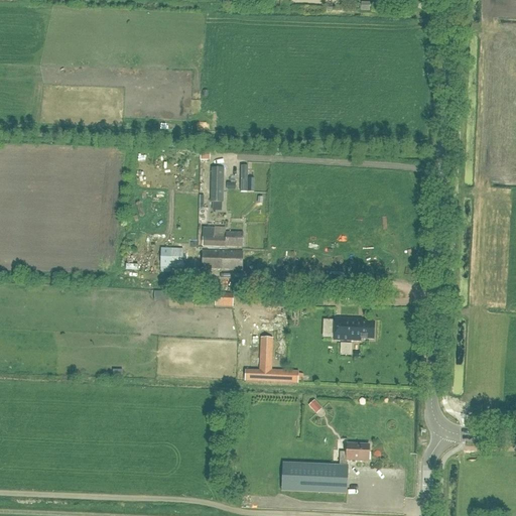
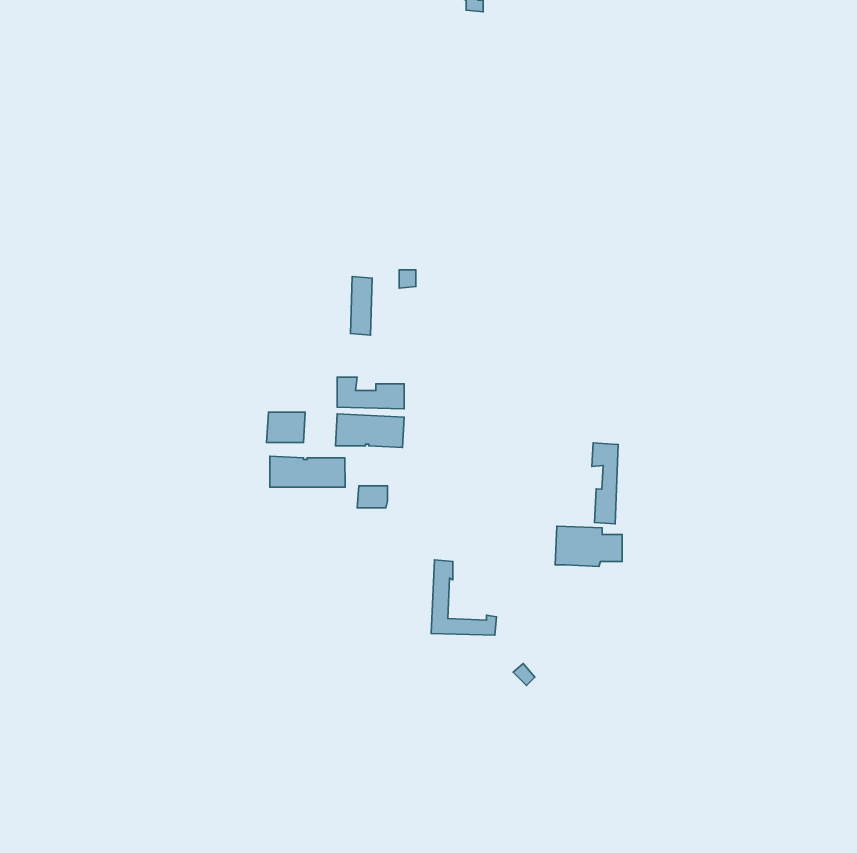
building: none -> [592,443,618,524]
building: none -> [270,456,345,487]
building: [281,443,369,492] -> none

